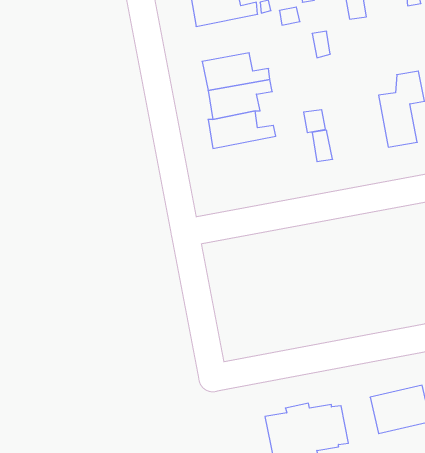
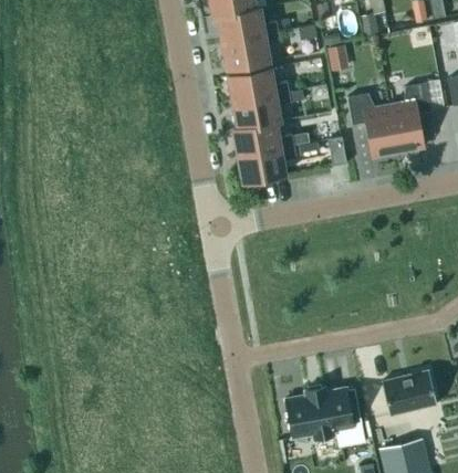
building: none -> [222,31,281,67]
building: none -> [347,94,398,157]
building: none -> [238,143,296,180]

